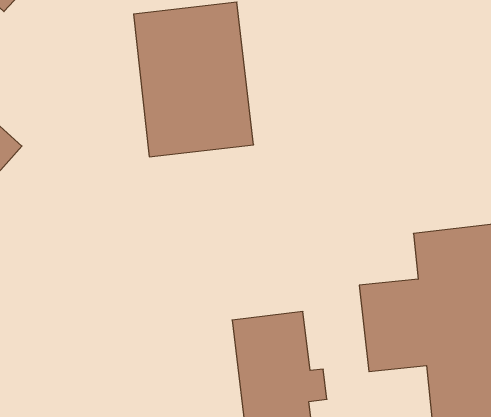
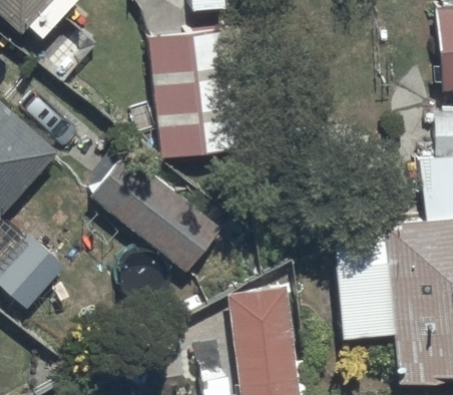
building: none -> [87,150,221,272]

